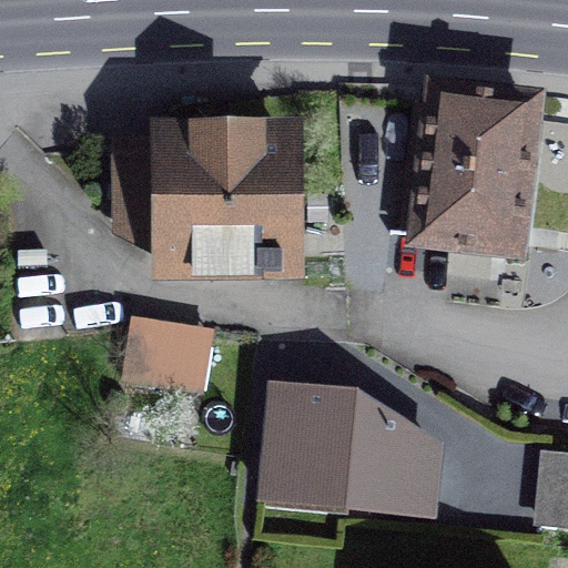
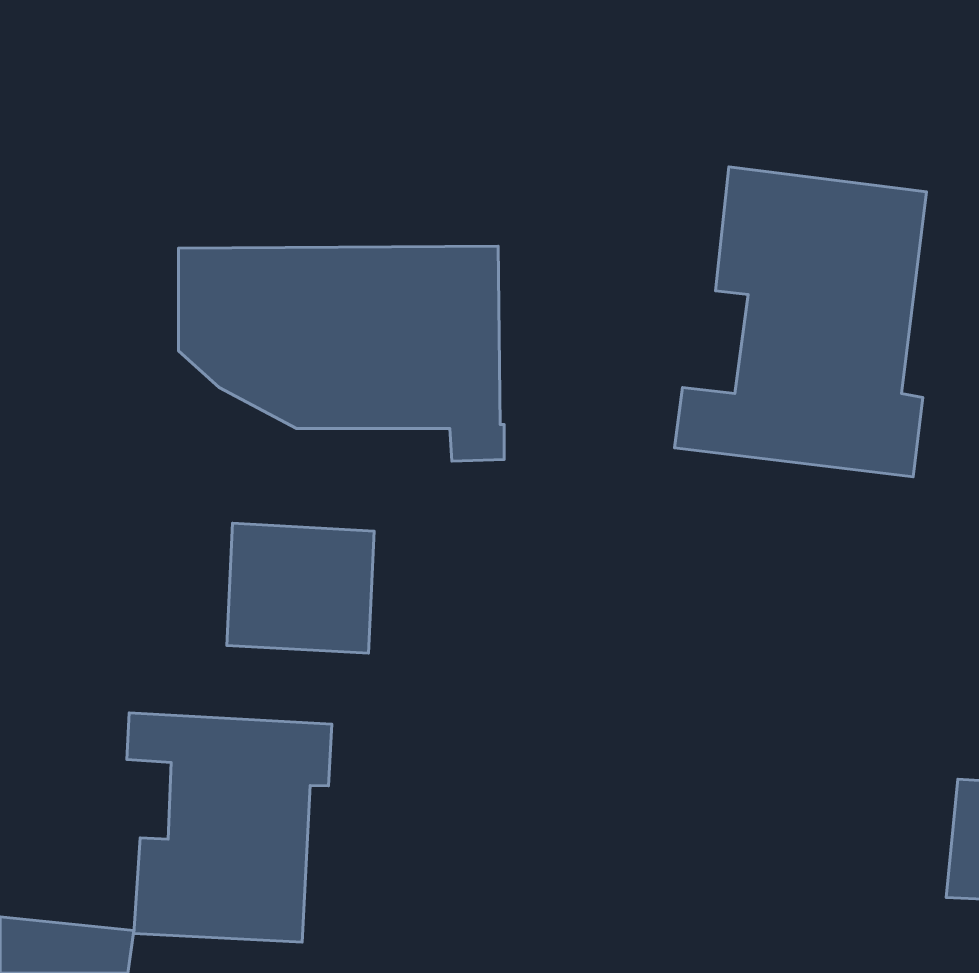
building: [271,383,443,503] -> none
building: none -> [127,713,332,942]

